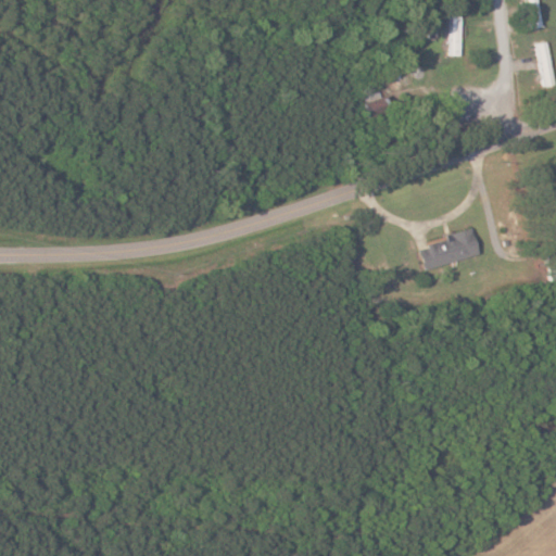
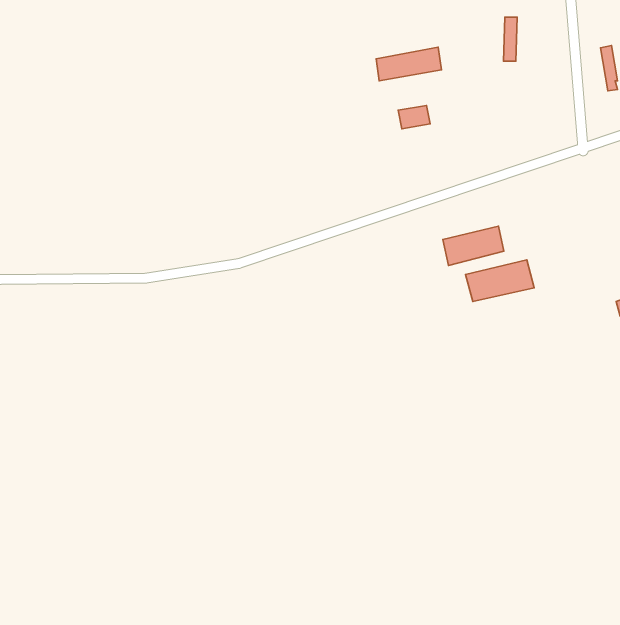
building: none -> [376,47,442,81]
building: none -> [443,226,504,266]

